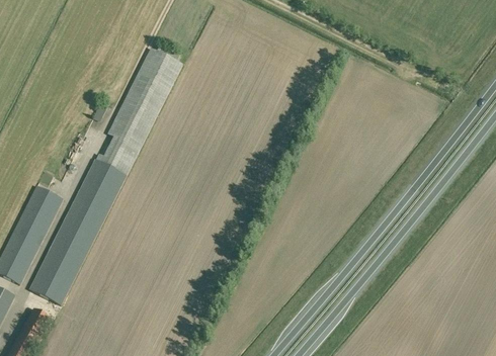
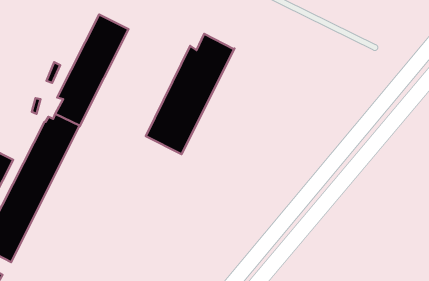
building: none -> [146,34,235,154]

